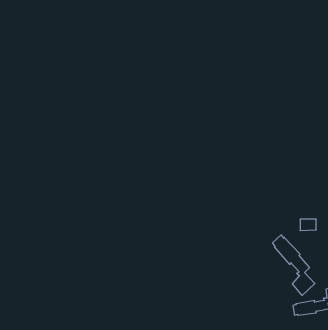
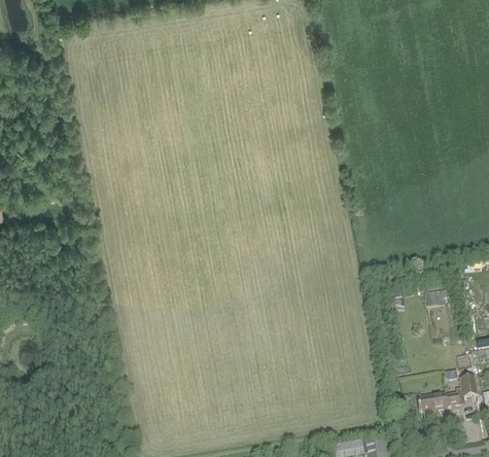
building: [273,235,315,295] -> none

